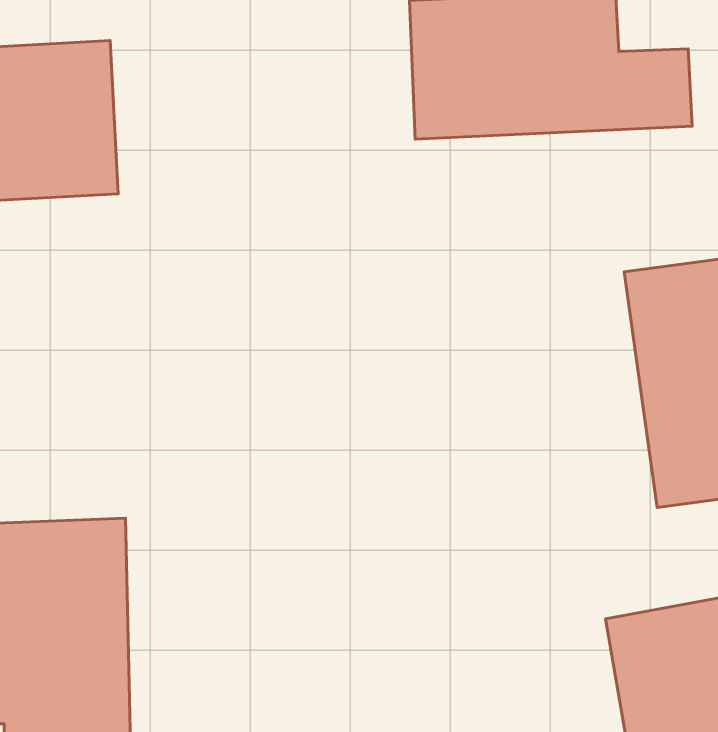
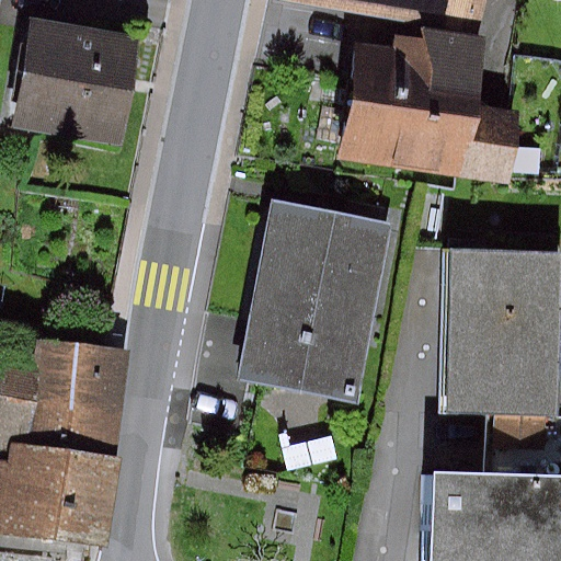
building: none -> [249,205,381,398]

